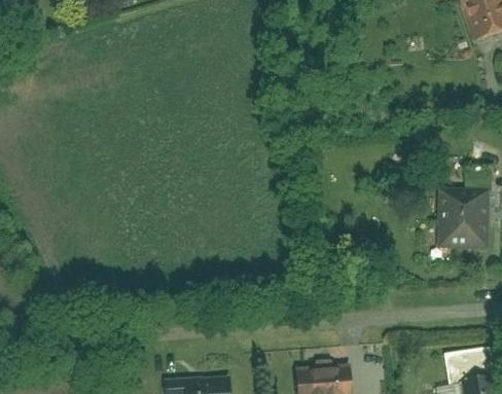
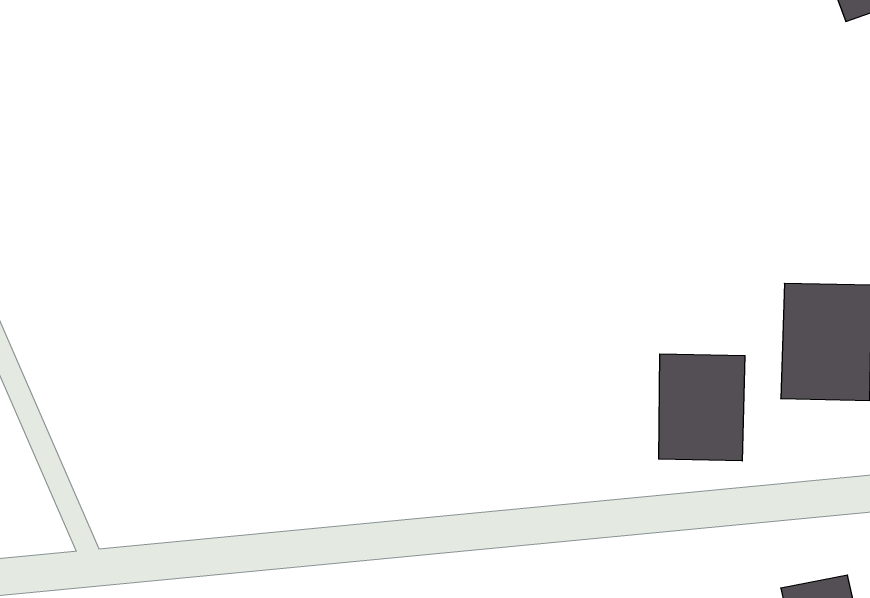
building: none -> [659,354,745,461]

